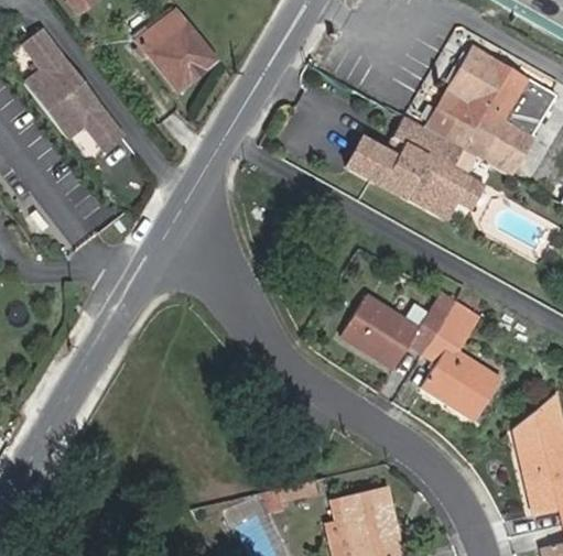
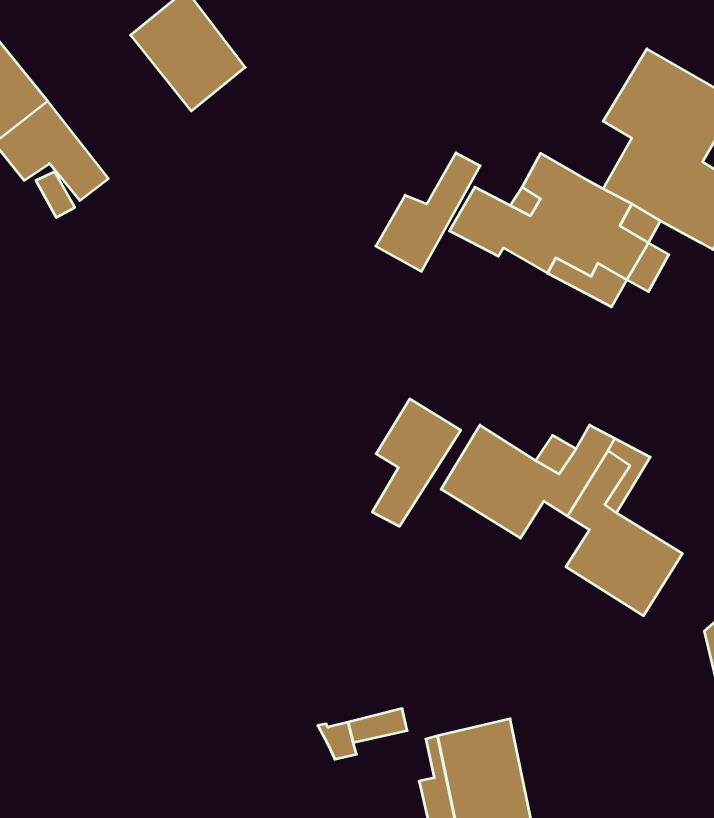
building: none -> [376,153,480,271]
building: none -> [372,399,461,526]

